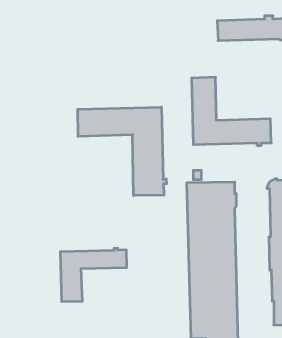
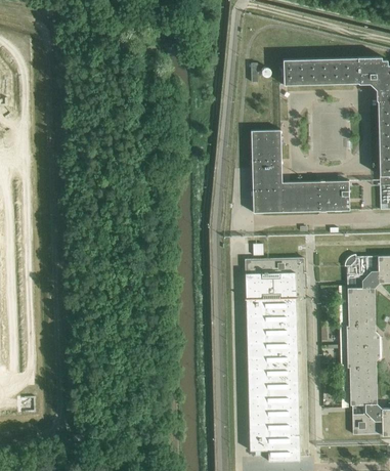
building: [78,107,167,196] -> none
building: [60,248,126,302] -> none

